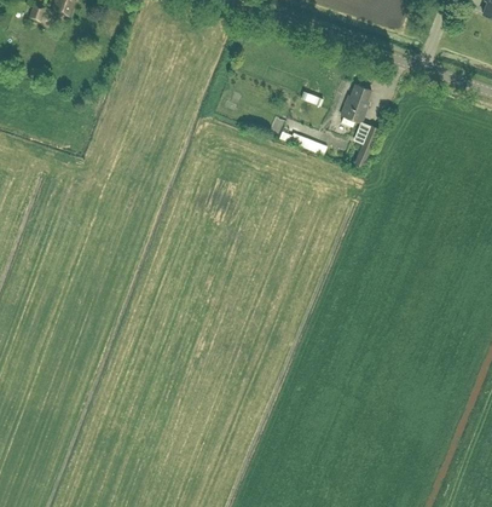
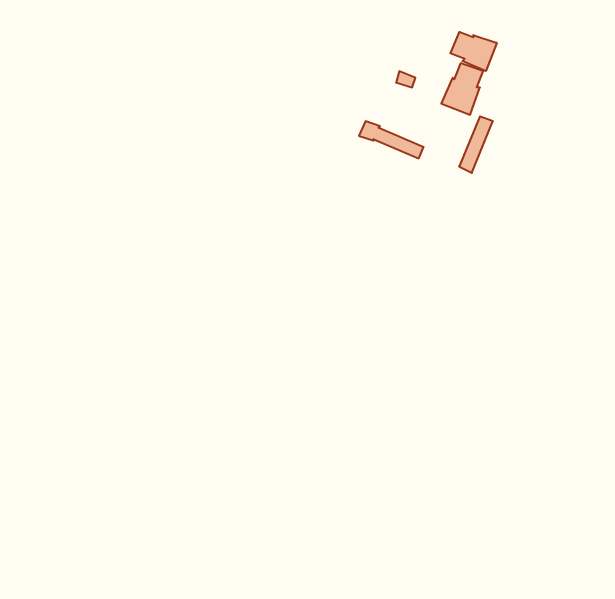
building: none -> [450,32,497,71]

